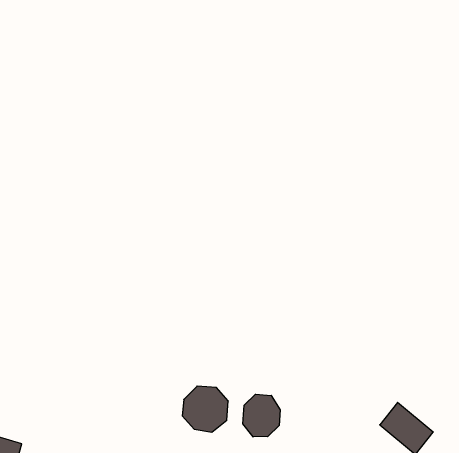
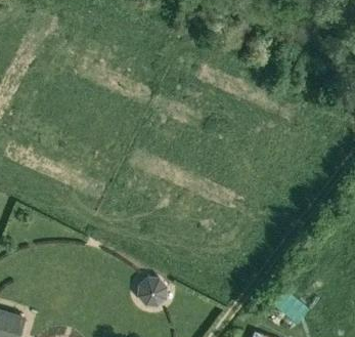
building: [243,394,280,437] -> none

